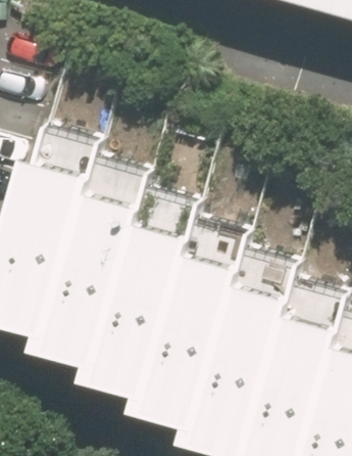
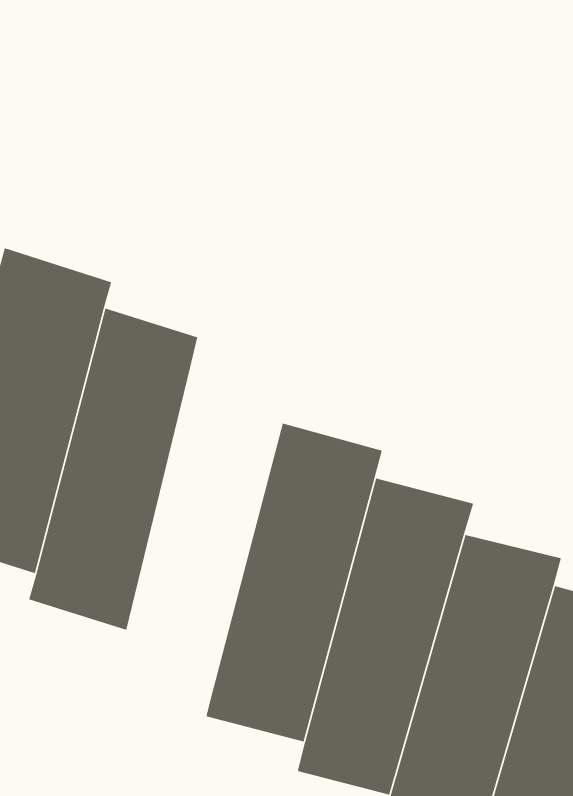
building: [86,216,181,395] -> none

